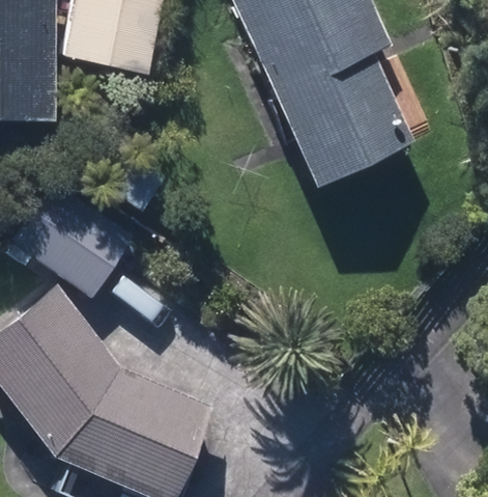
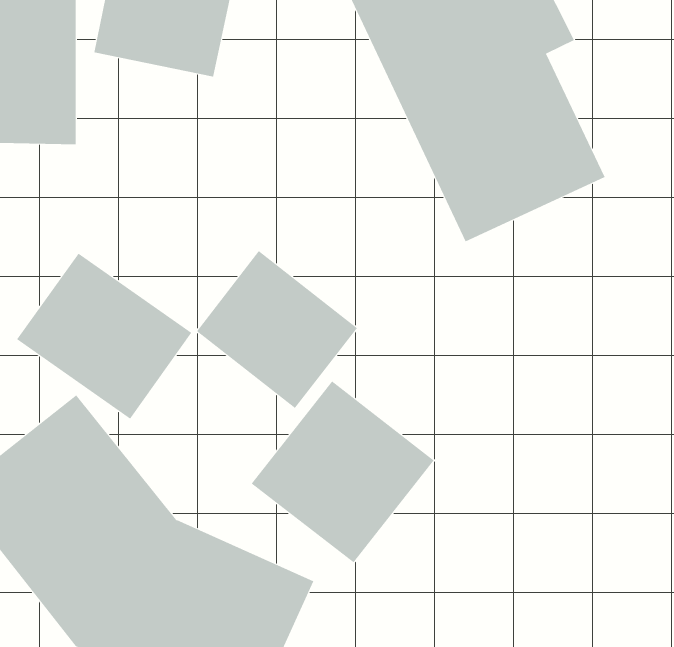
building: none -> [196,250,358,409]
building: none -> [251,381,435,563]

